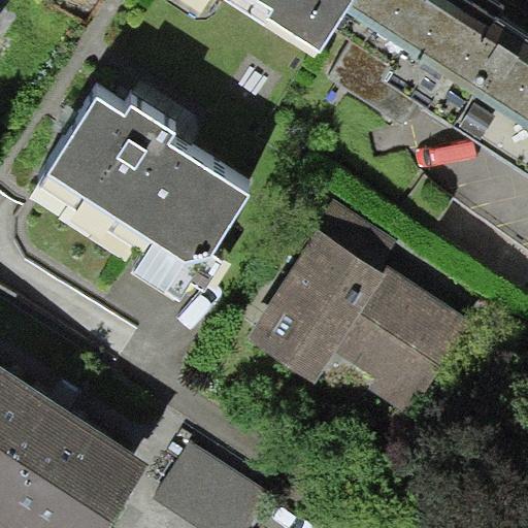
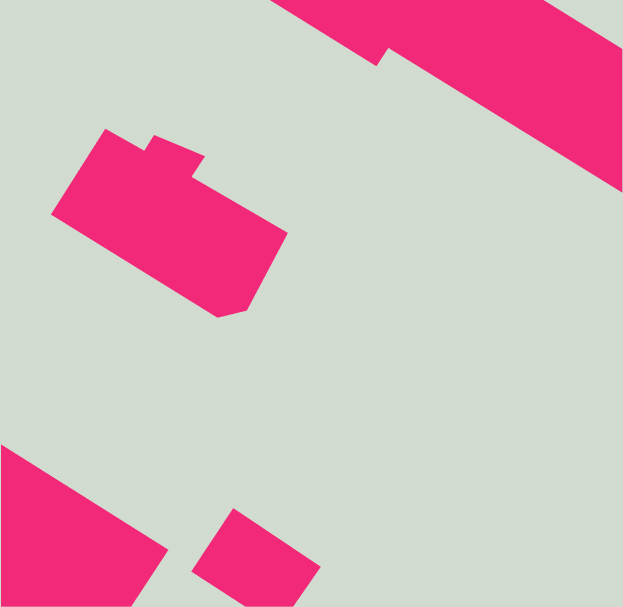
building: [249,221,472,403] -> none

